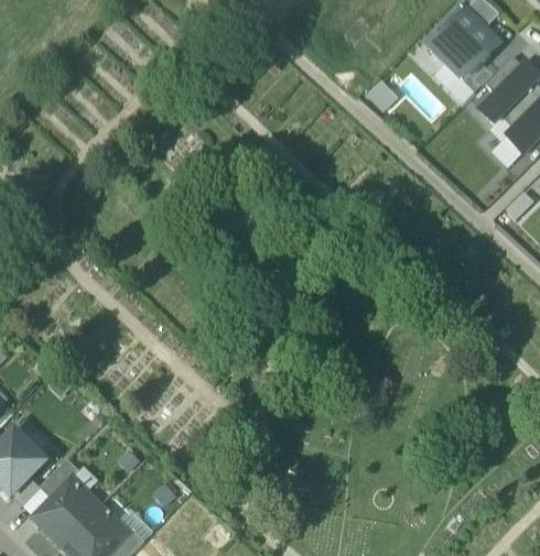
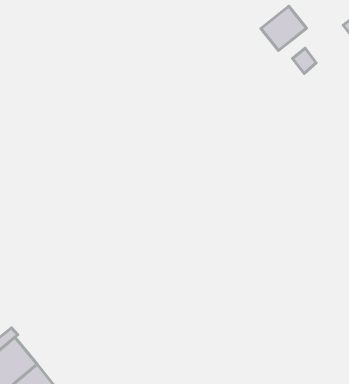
building: none -> [261,6,307,50]

